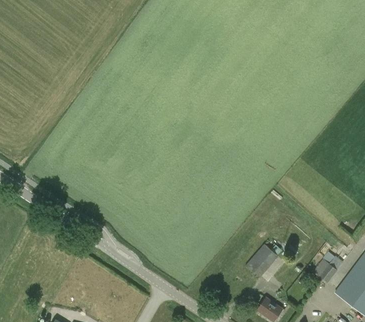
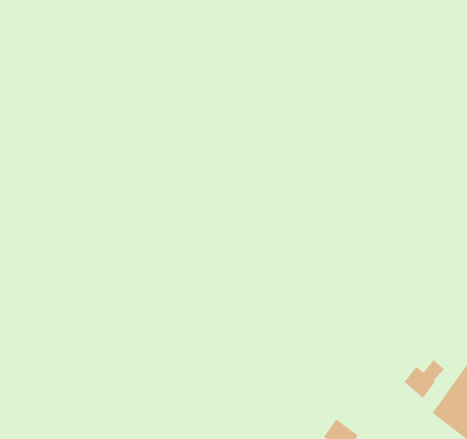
building: [245,243,279,277] -> none

